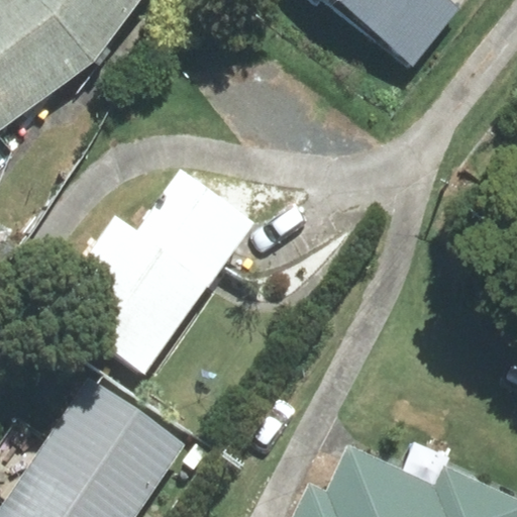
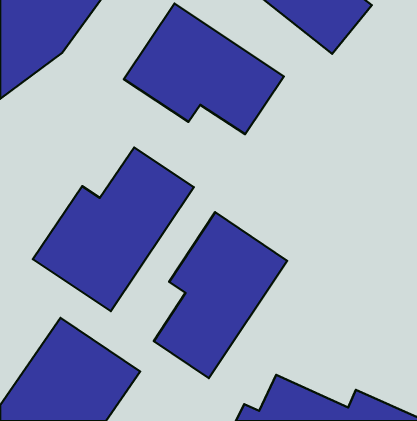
building: none -> [124,3,284,134]
building: none -> [154,212,287,378]

